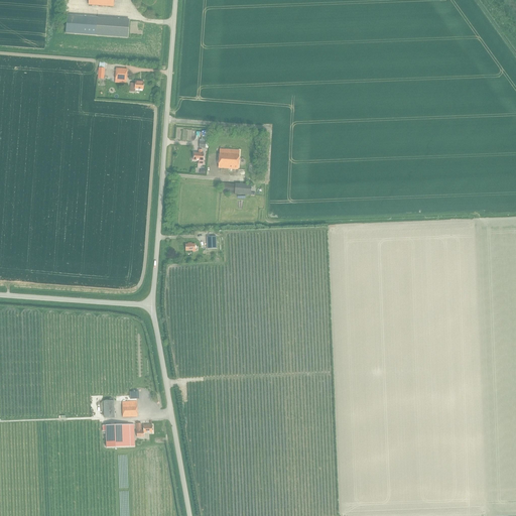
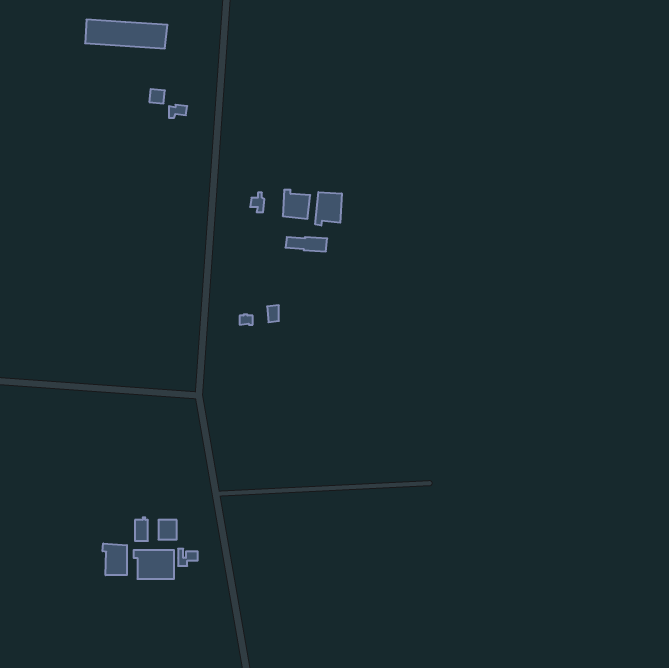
building: none -> [315,192,342,226]
building: none -> [103,543,127,575]

